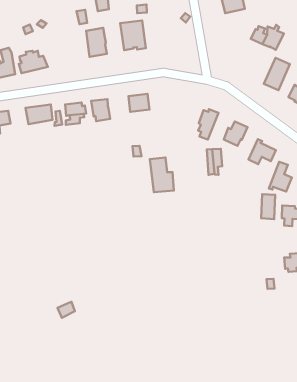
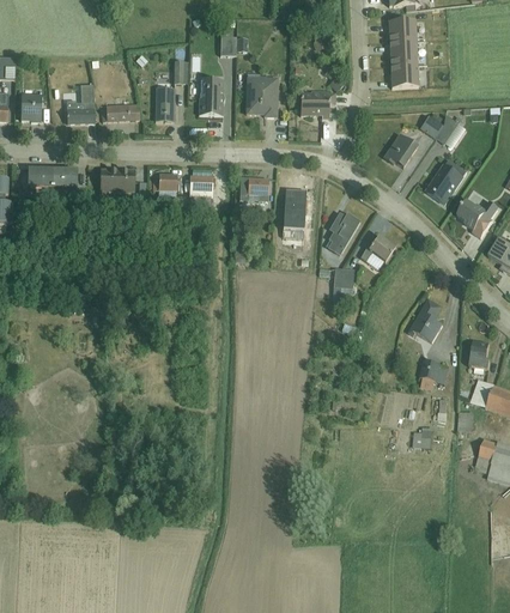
building: none -> [154,60,187,121]
building: none -> [299,90,334,117]
building: none -> [383,134,417,166]
building: [249,139,276,164] -> none
building: [150,157,174,192] -> [281,190,311,238]
building: [261,194,275,219] -> none

